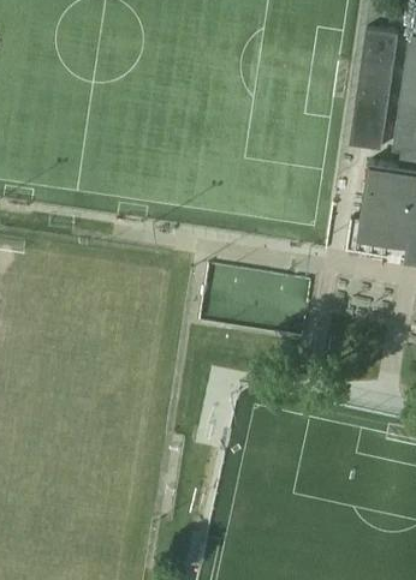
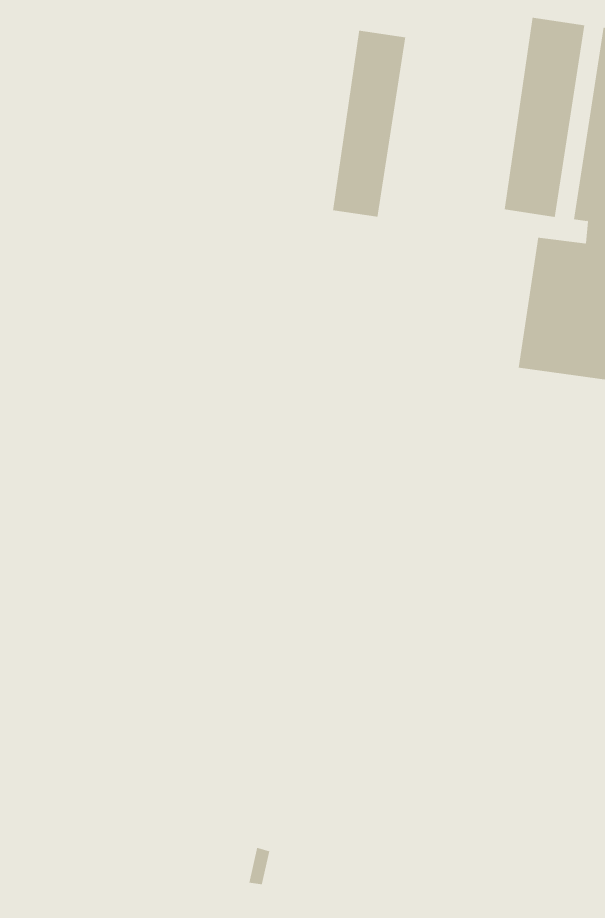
building: none -> [333,30,406,217]

